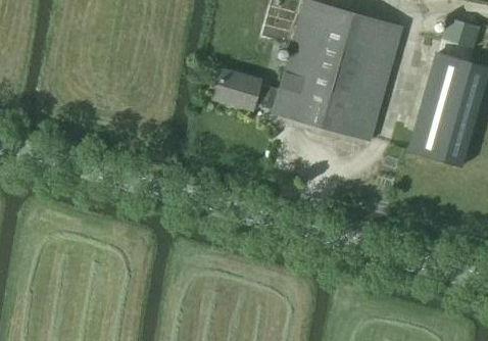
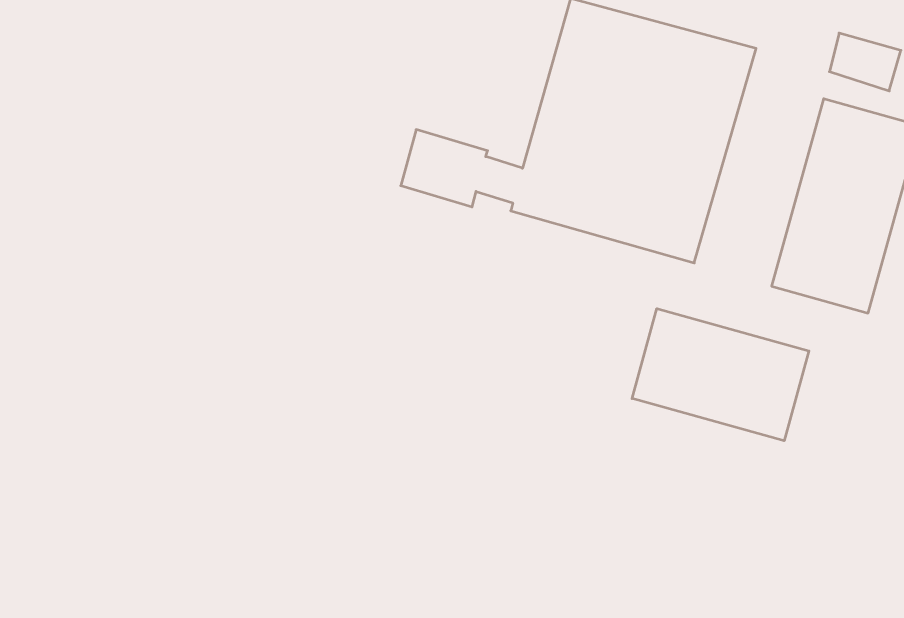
building: none -> [632,309,809,441]

